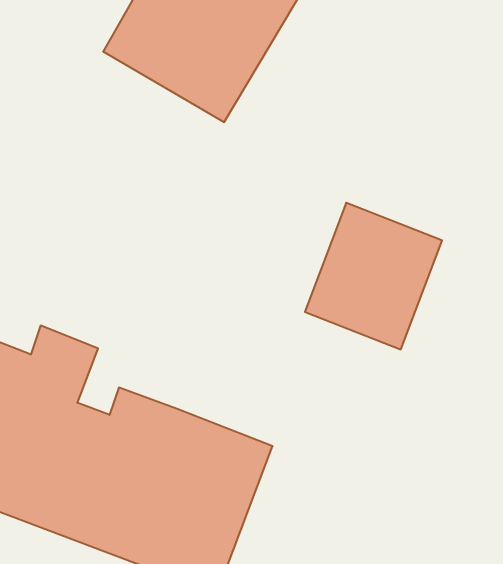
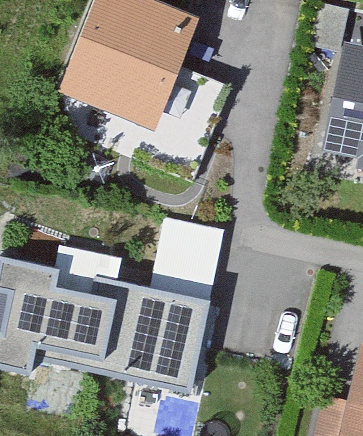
building: [305,203,442,349] -> [150,216,224,297]

